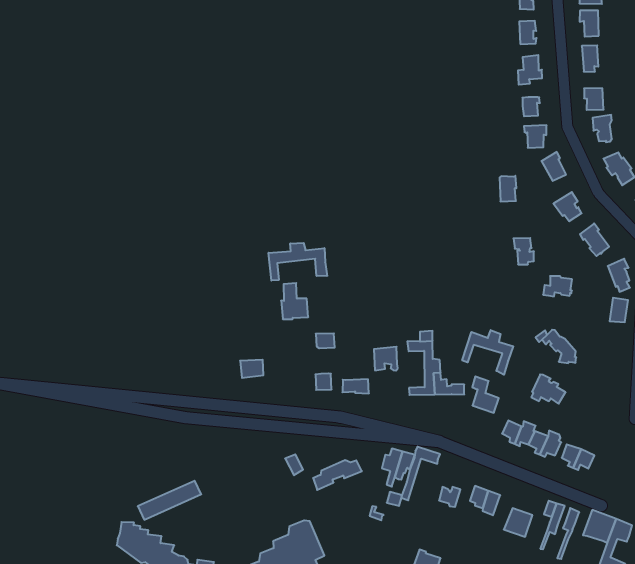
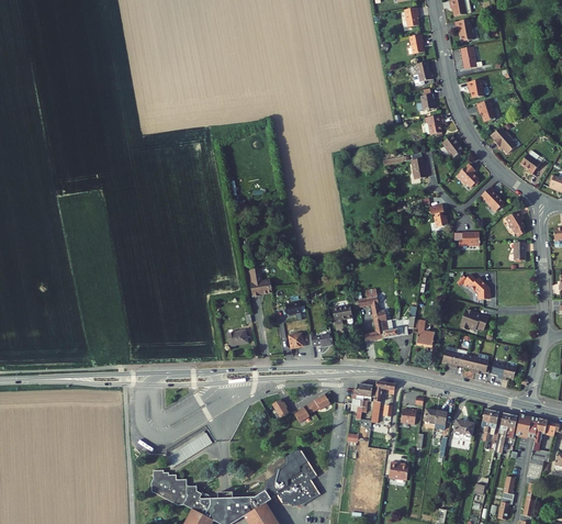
building: [269,243,327,281] -> none
building: [462,330,513,375] -> none

